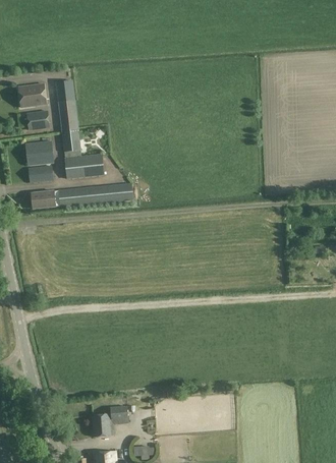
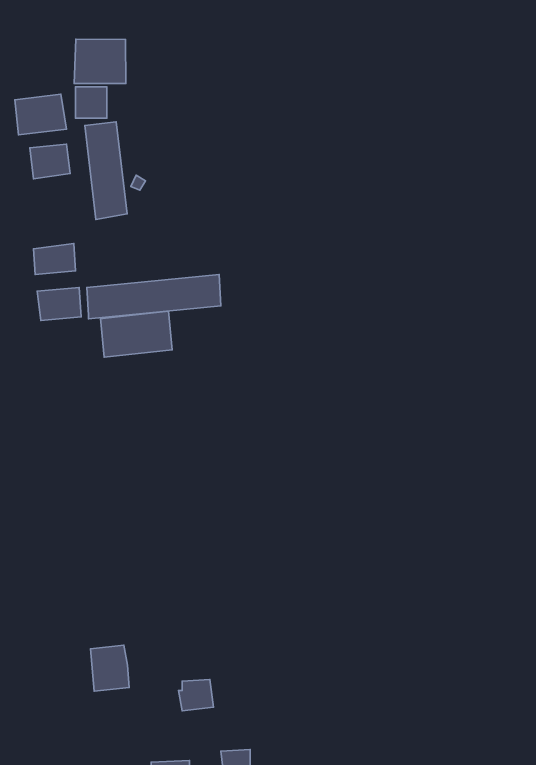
building: none -> [74,39,126,84]
building: [27,142,53,164] -> none
building: [65,153,105,178] -> [101,311,172,357]
building: [92,412,113,438] -> [91,645,129,691]

